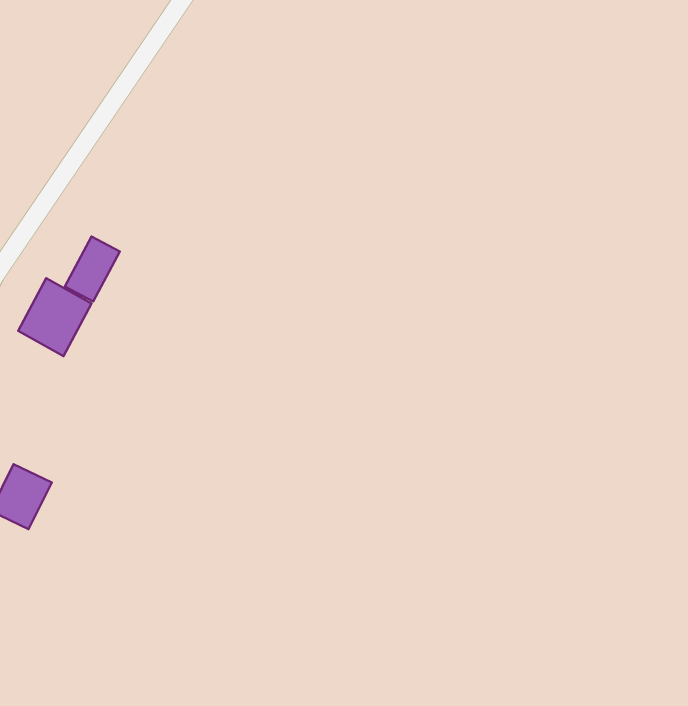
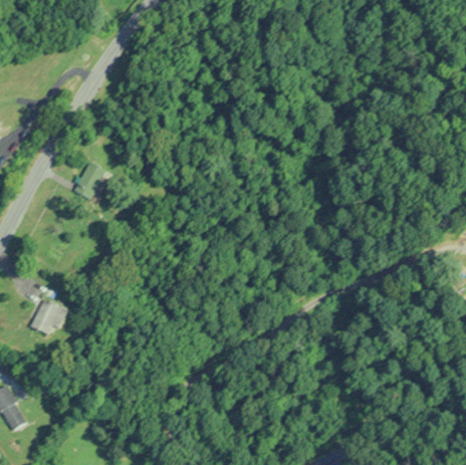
building: [18,278,92,356] -> none

